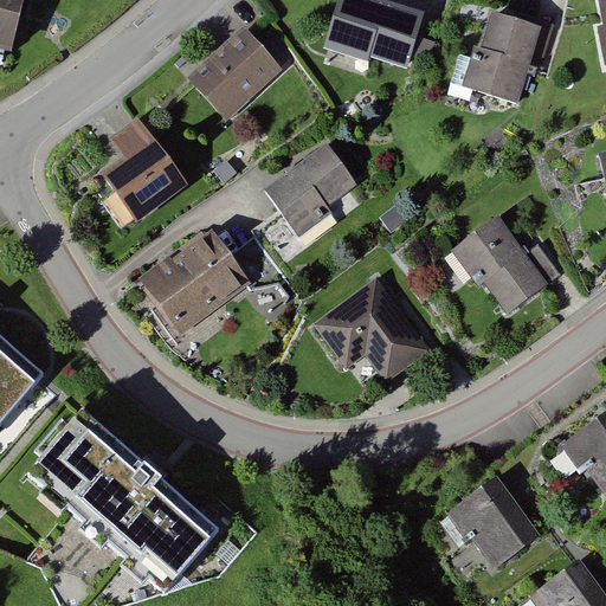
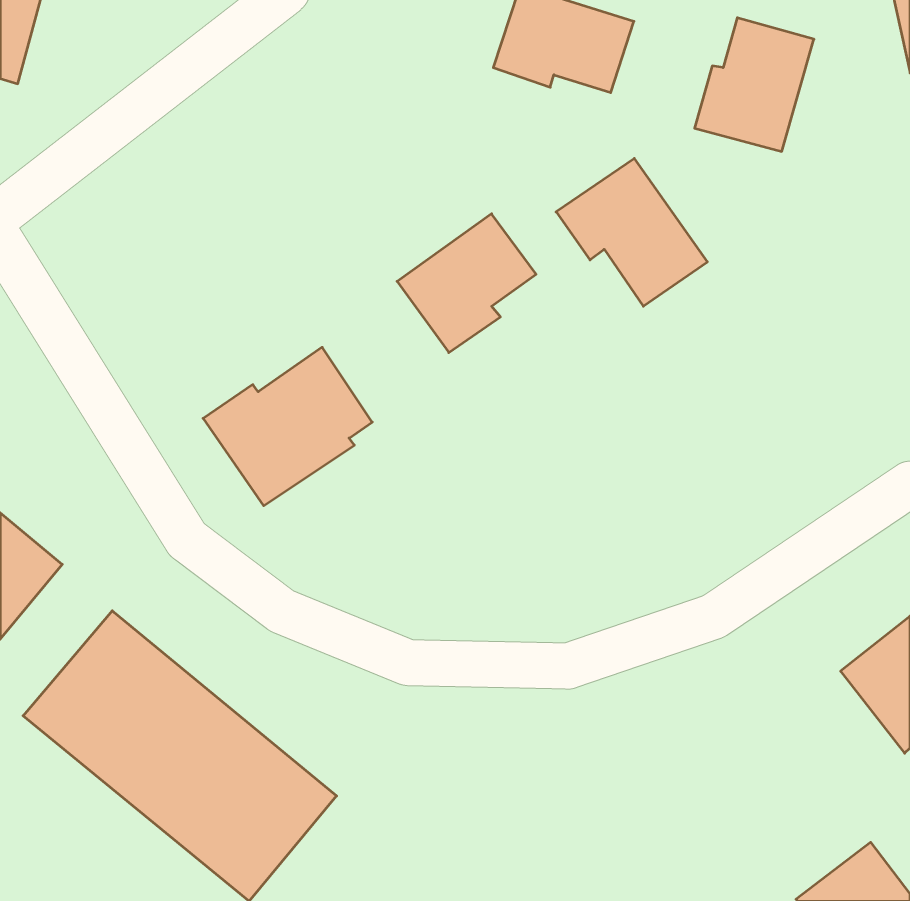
building: [188,27,282,120] -> none
building: [98,120,185,224] -> none
building: [449,214,549,312] -> [556,158,707,306]
building: [309,277,428,381] -> none
building: [446,477,537,569] -> none

